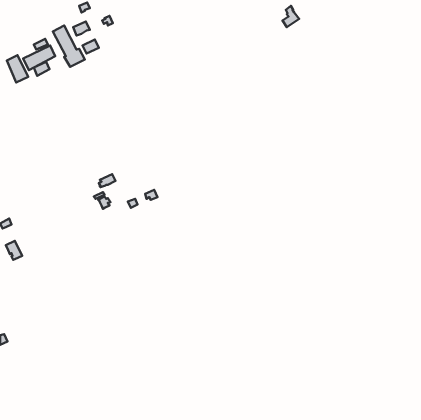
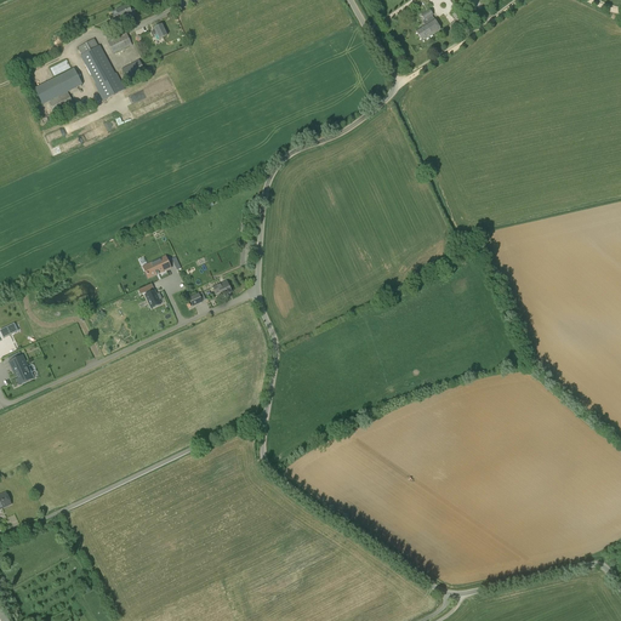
building: [7,55,28,83] -> none

